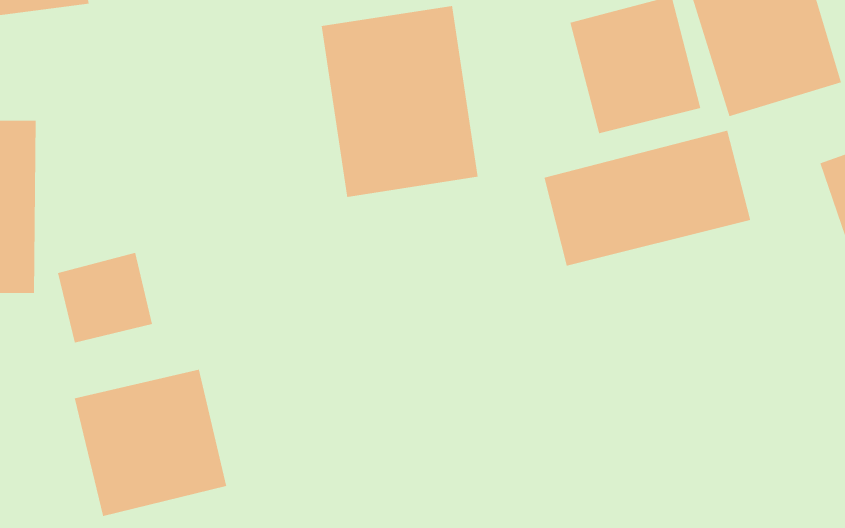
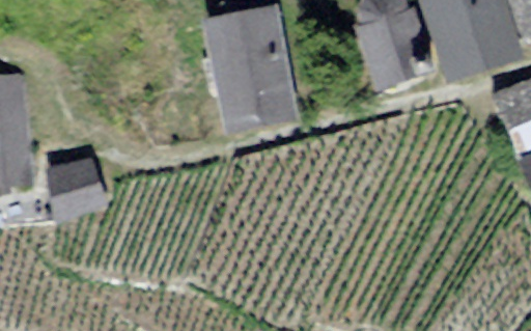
building: [544,130,751,267] -> none
building: [74,369,227,517] -> none

